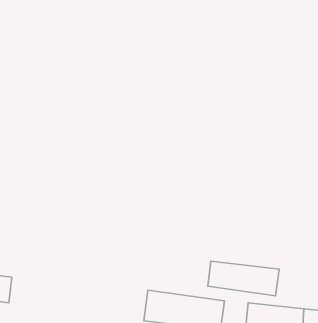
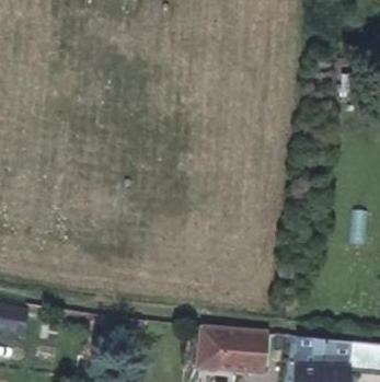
building: [208,261,279,296] -> none

